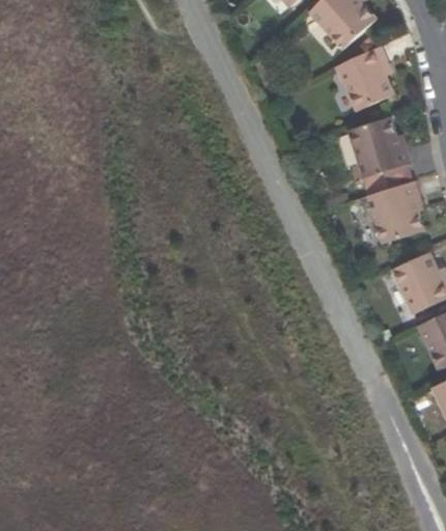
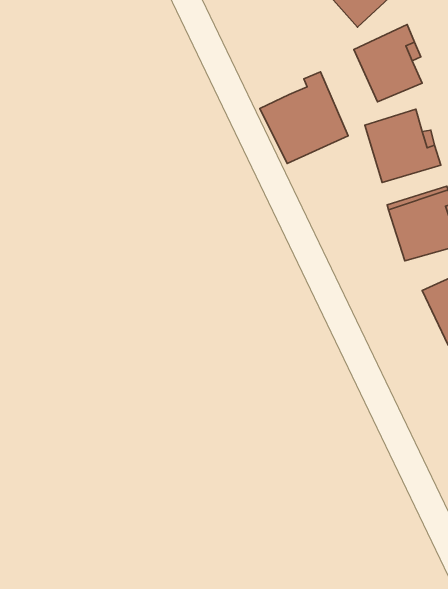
building: none -> [260,72,348,163]

